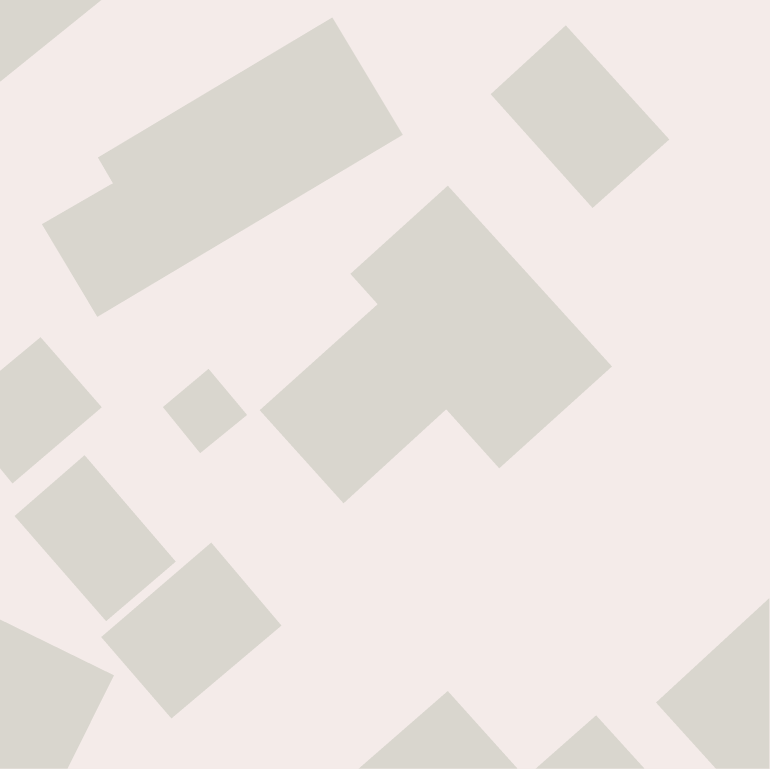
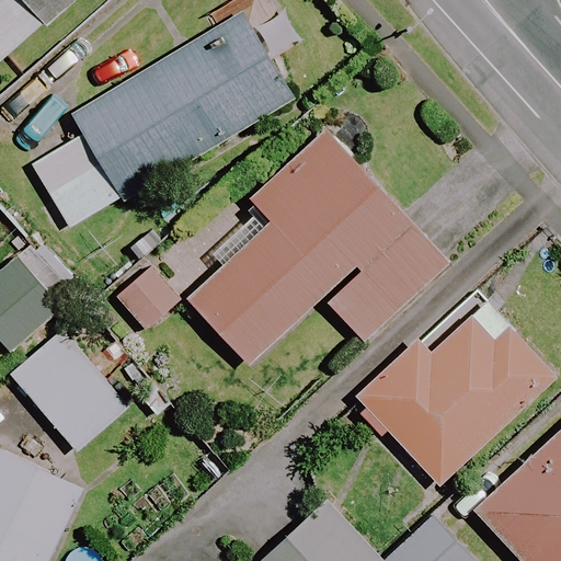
building: [490,25,670,209] -> none
building: none -> [358,313,553,485]
building: [100,542,283,720] -> none

